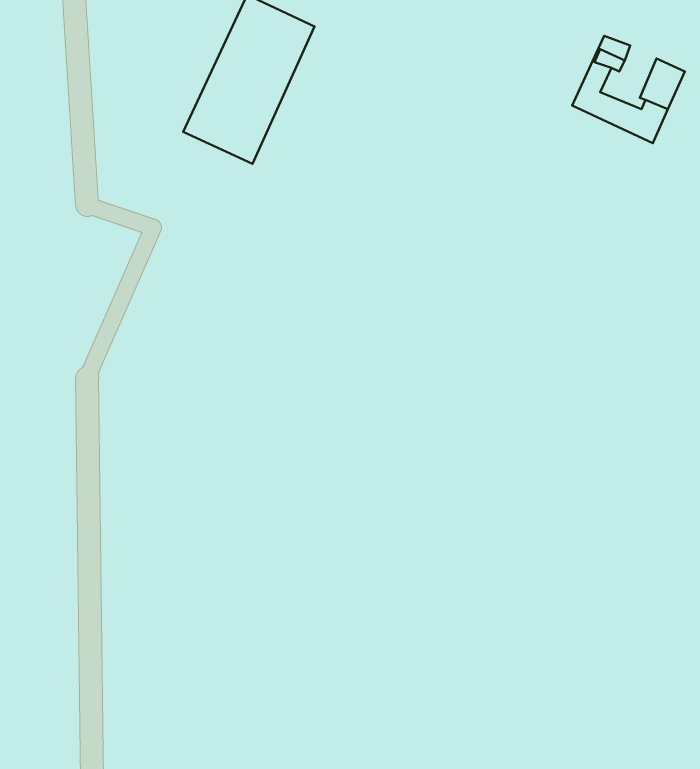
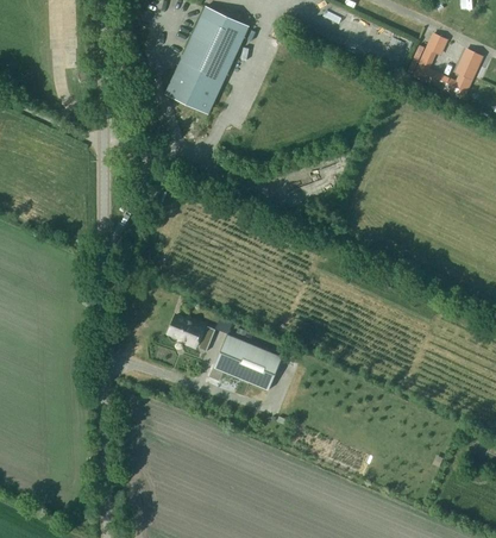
building: none -> [169,315,215,351]
building: none -> [213,333,282,389]

